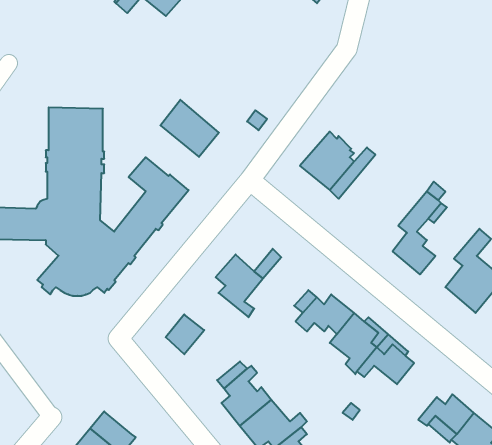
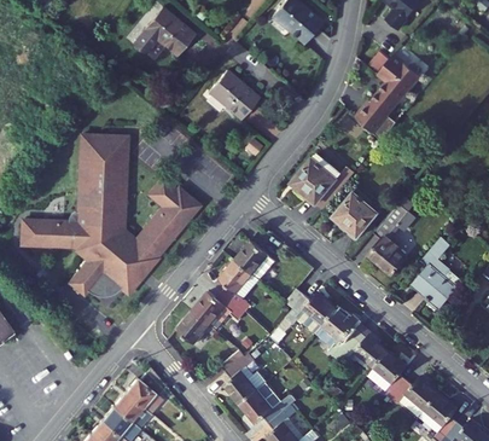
building: none -> [356,56,421,144]
building: [160,100,219,157] -> [210,71,260,120]
building: none -> [332,193,378,239]
building: none -> [237,240,268,273]
building: none -> [193,290,248,330]
building: none -> [367,350,408,399]
building: none -> [126,367,167,411]

